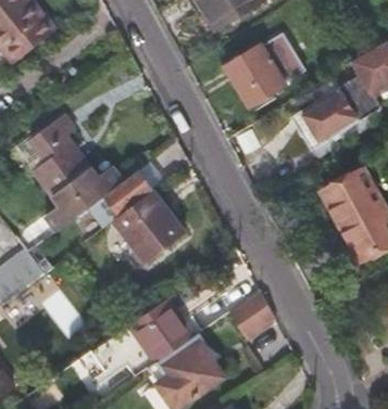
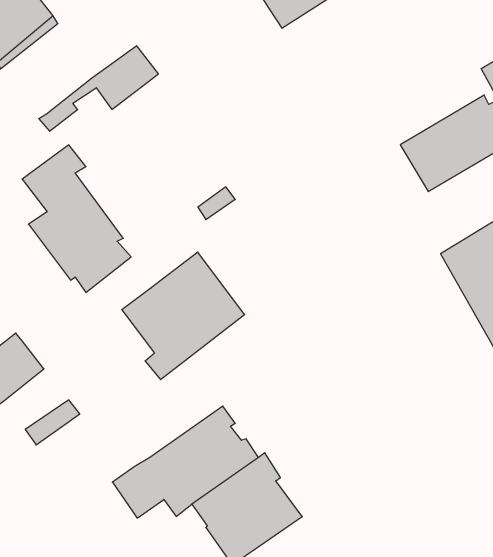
building: [225,33,305,104] -> none
building: [70,170,153,230] -> [39,46,158,131]
building: [229,289,275,336] -> none

